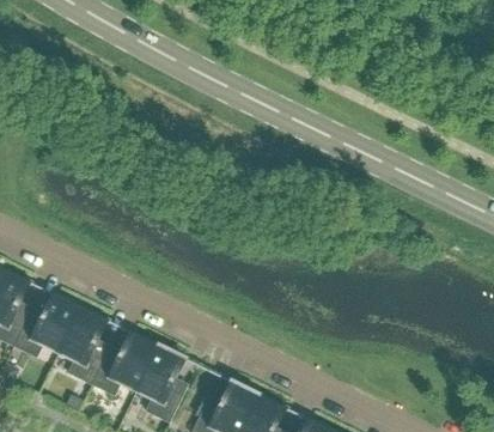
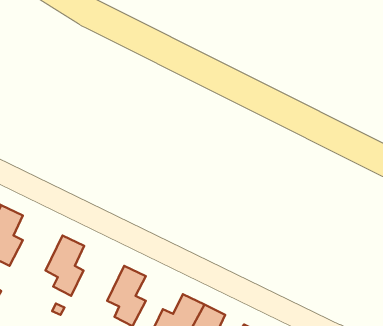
building: [13,294,80,357] -> none
building: [91,333,158,395] -> none

